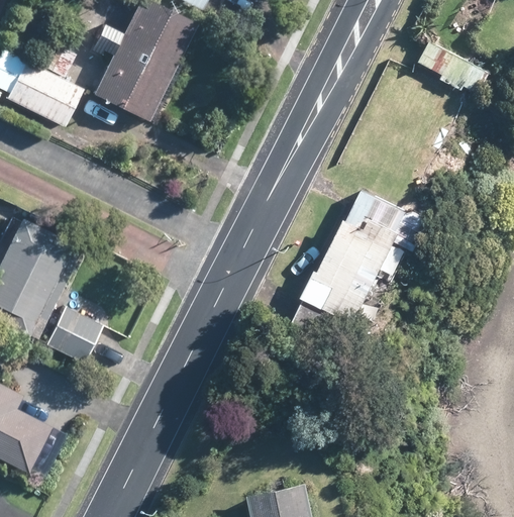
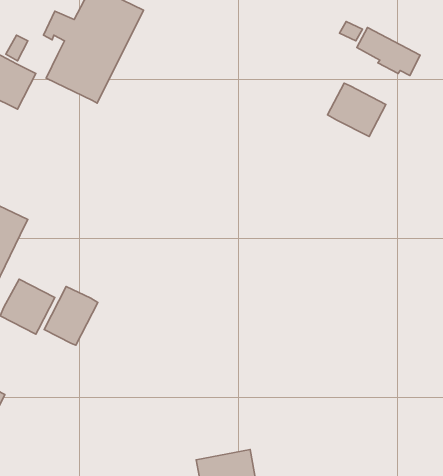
building: none -> [327,83,386,136]
building: [295,190,401,342] -> none
building: none -> [44,287,98,345]

